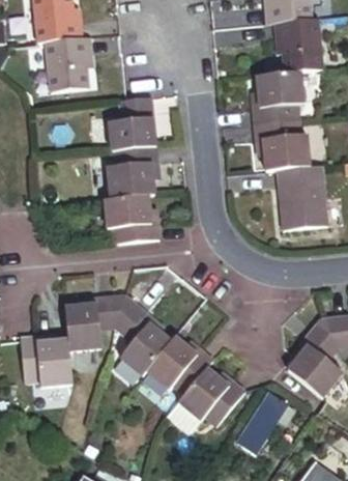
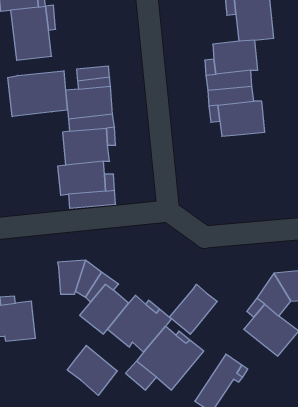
building: none -> [8,71,67,117]
building: [279,164,330,222] -> none
building: [66,305,102,350] -> none
building: none -> [169,284,217,334]
building: none -> [67,345,117,395]

